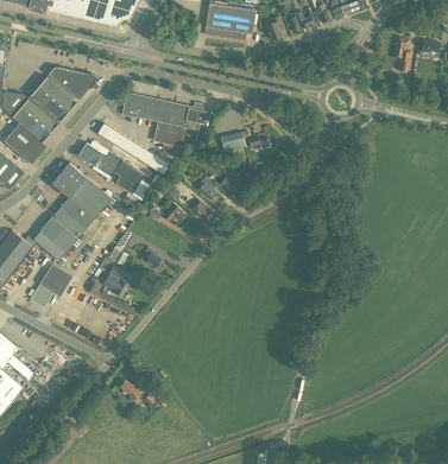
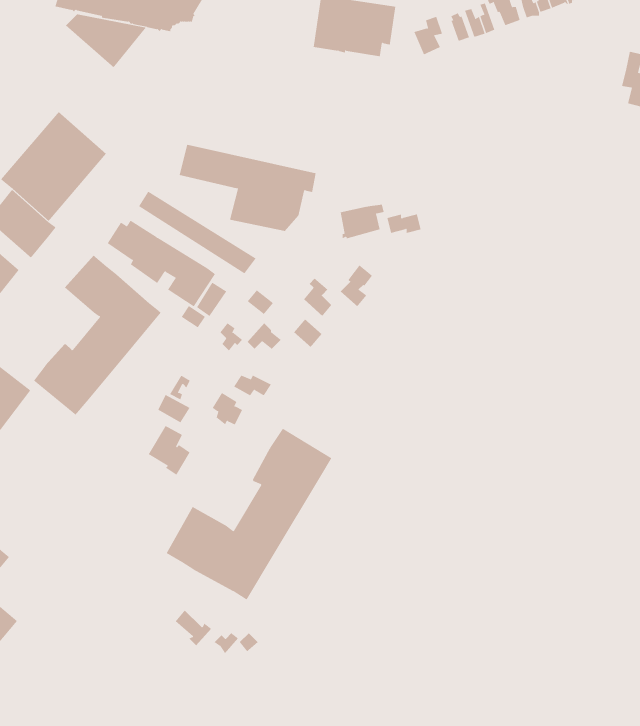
building: [48,66,97,100] -> [65,14,147,68]
building: [30,262,65,307] -> none
building: none -> [166,428,332,600]

